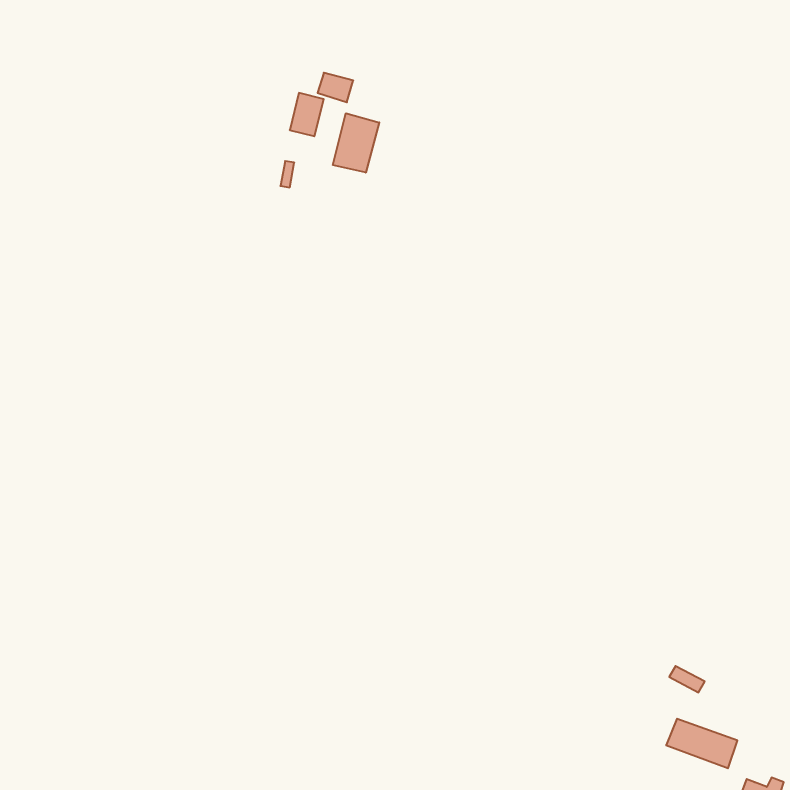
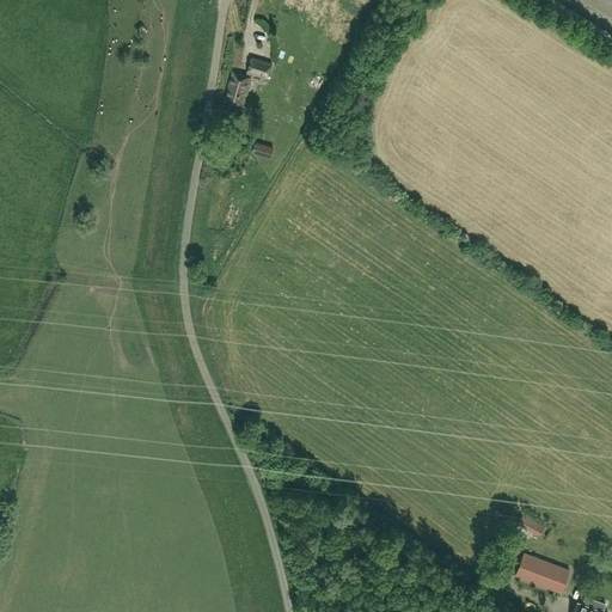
building: [333,113,379,173] -> none

